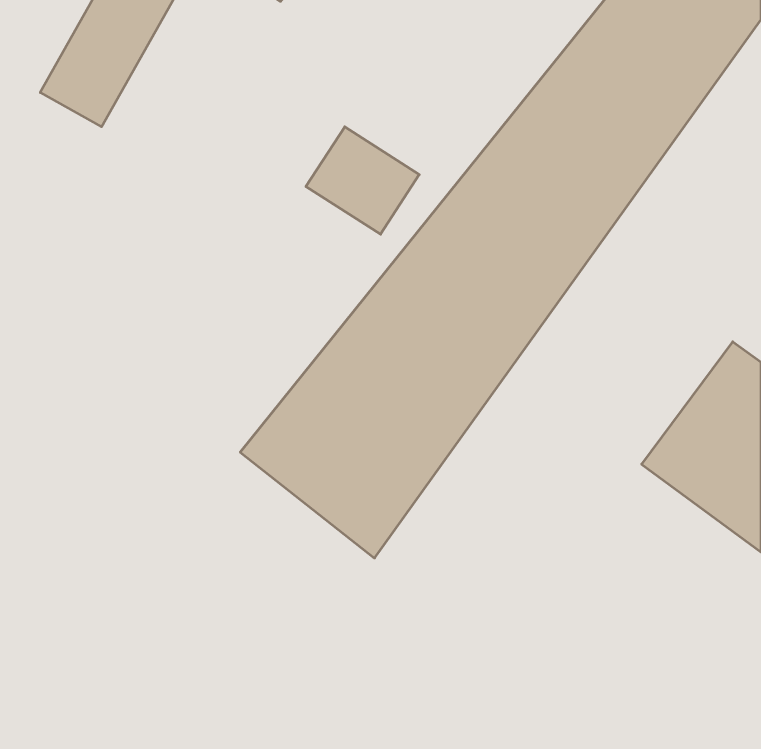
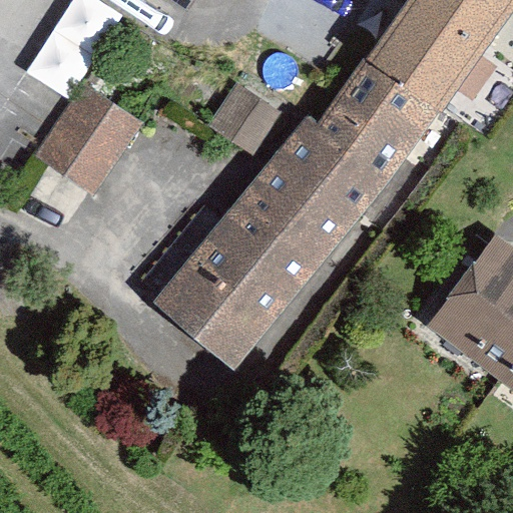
building: none -> [38,90,137,192]

